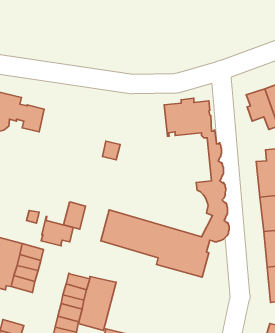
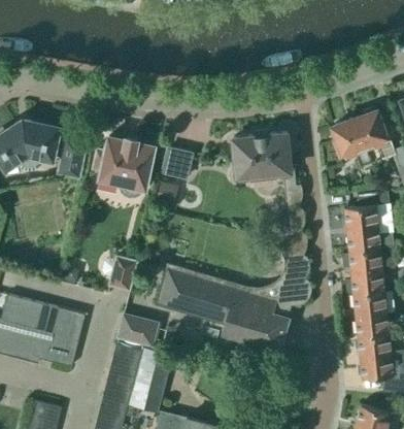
building: none -> [94,137,155,196]
building: none -> [161,146,194,179]
building: [41,216,73,246] -> [117,315,157,351]

